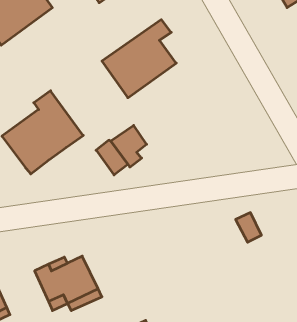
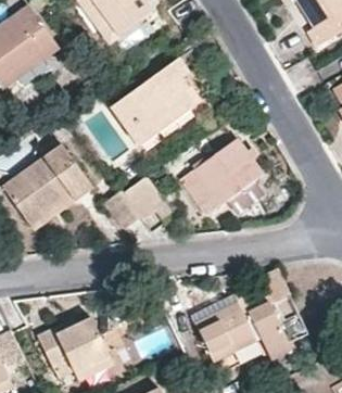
building: none -> [182,139,262,206]
building: none -> [194,304,255,362]
building: none -> [248,304,307,359]

